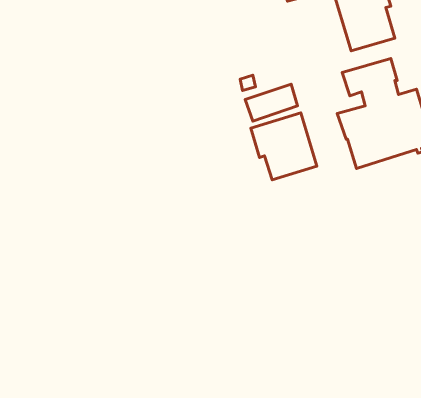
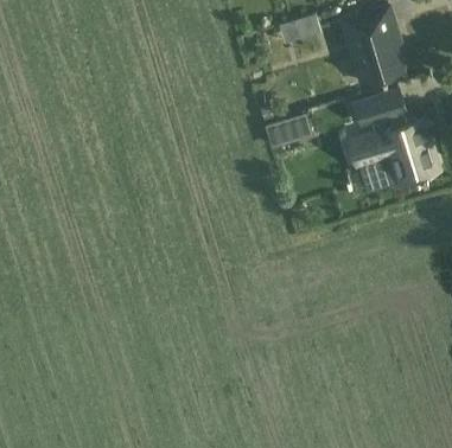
building: [251,113,317,180] -> none

